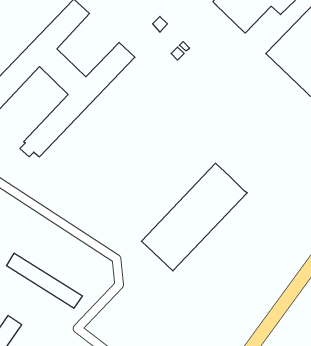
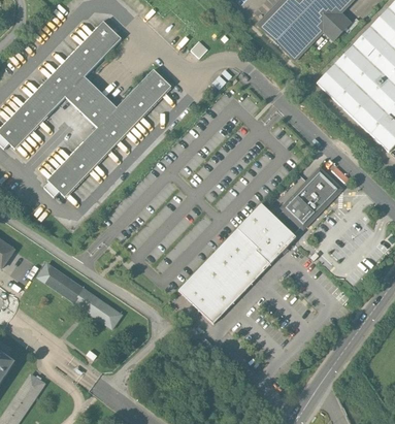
building: none -> [276,166,339,234]
building: [6,253,83,308] -> [37,265,122,326]

